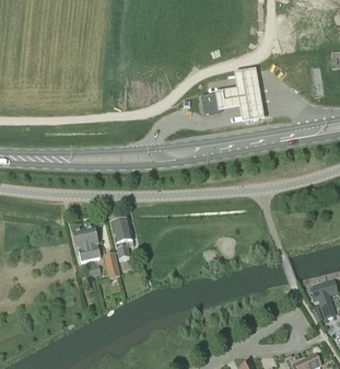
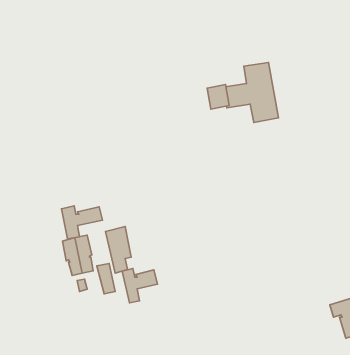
building: none -> [61,206,102,239]
building: none -> [122,268,158,303]

